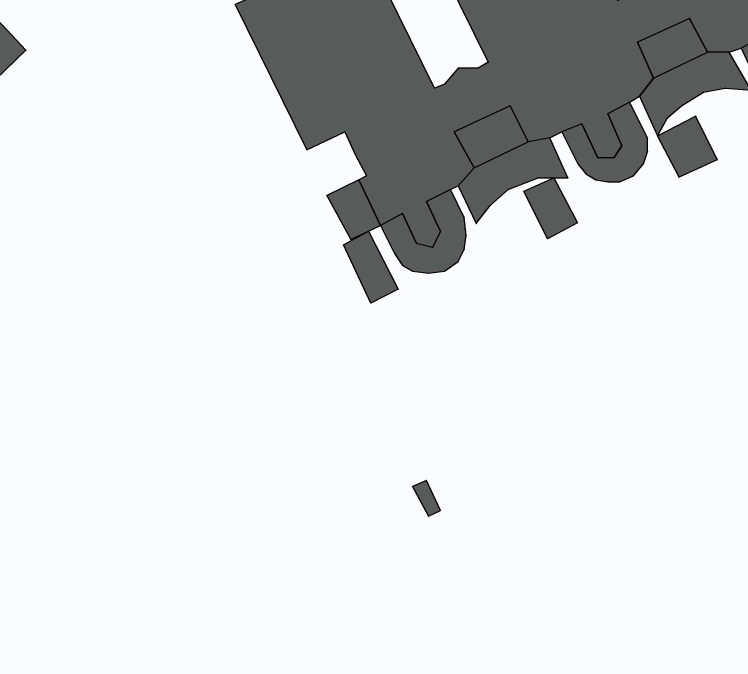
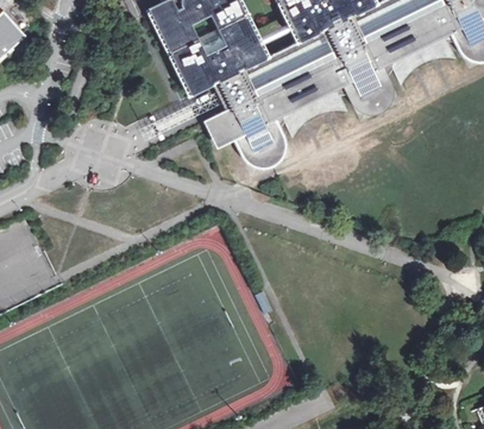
building: [658,116,717,177] -> none
building: [524,178,577,239] -> none
building: [343,231,398,303] -> none

